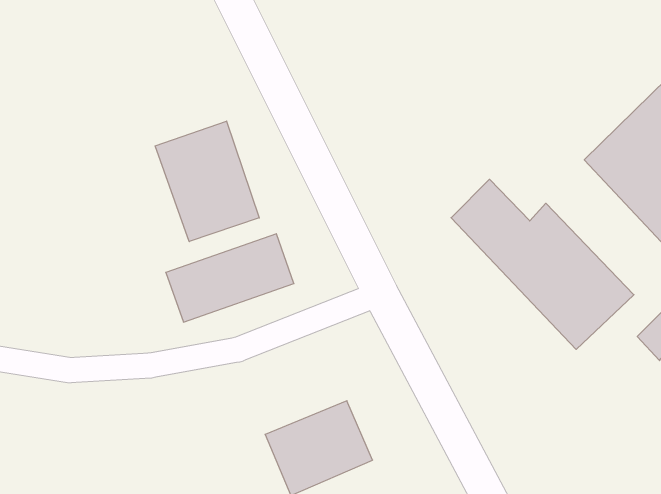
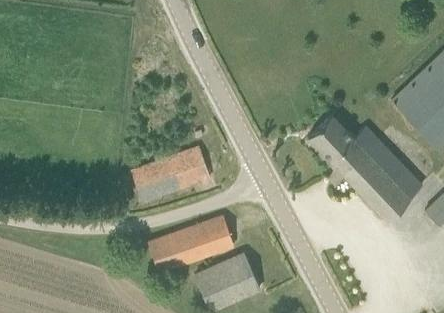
building: [155,121,259,242] -> none
building: none -> [148,217,234,274]

